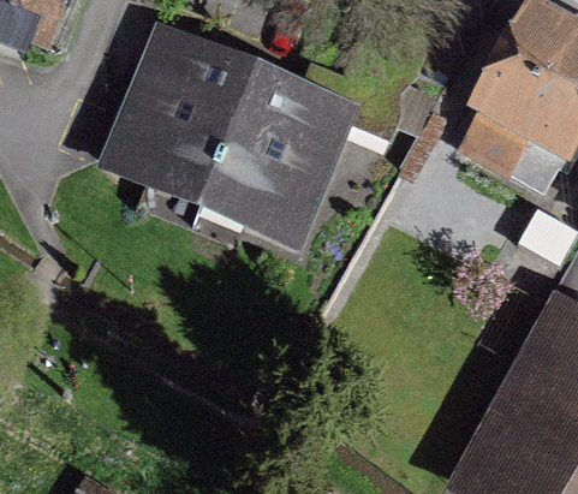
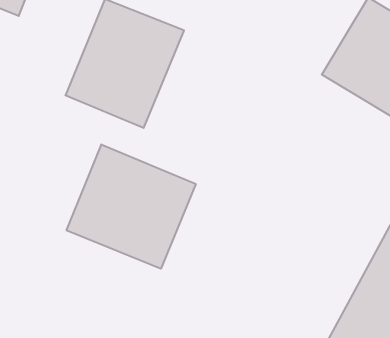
building: [204,63,358,238] -> none
building: none -> [67,144,196,269]

